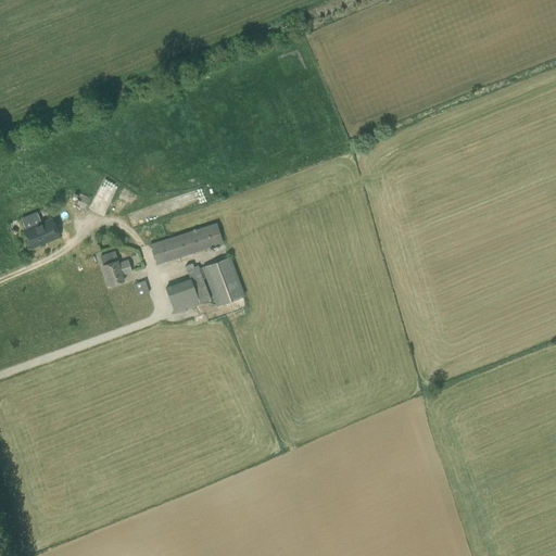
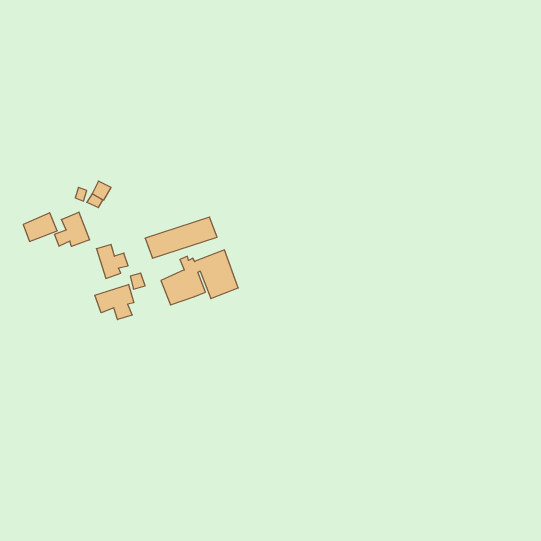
building: none -> [55,212,90,246]
building: none -> [95,284,134,320]

